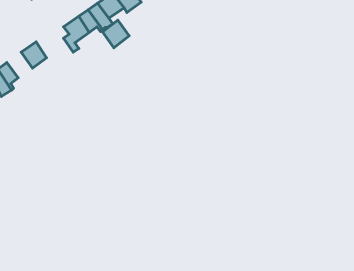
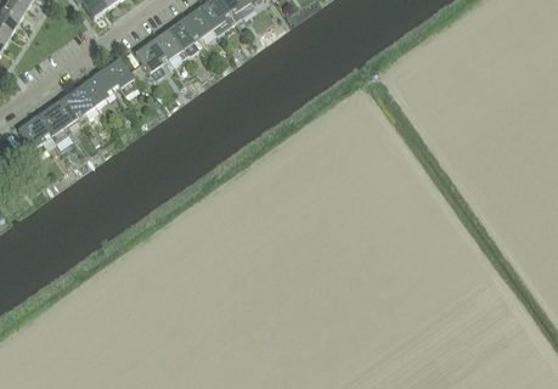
building: [102,20,129,48] -> none
building: none -> [100,57,147,95]
building: none -> [62,84,95,117]

